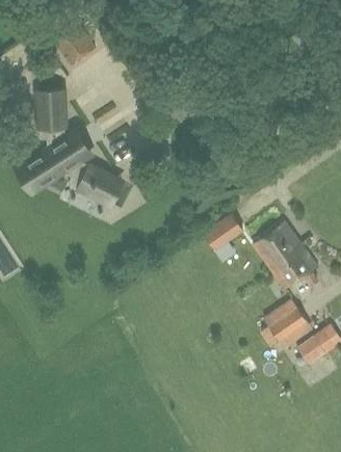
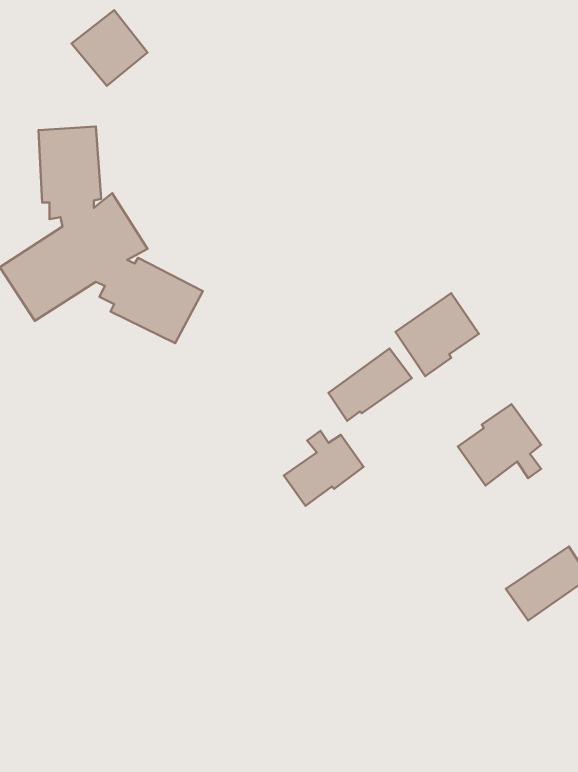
building: [254,220,300,267] -> [396,293,479,376]
building: none -> [284,431,364,506]
building: [264,298,313,347] -> none

